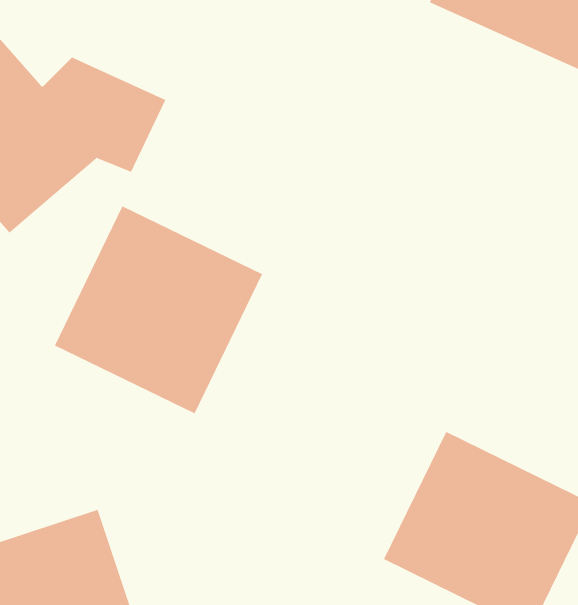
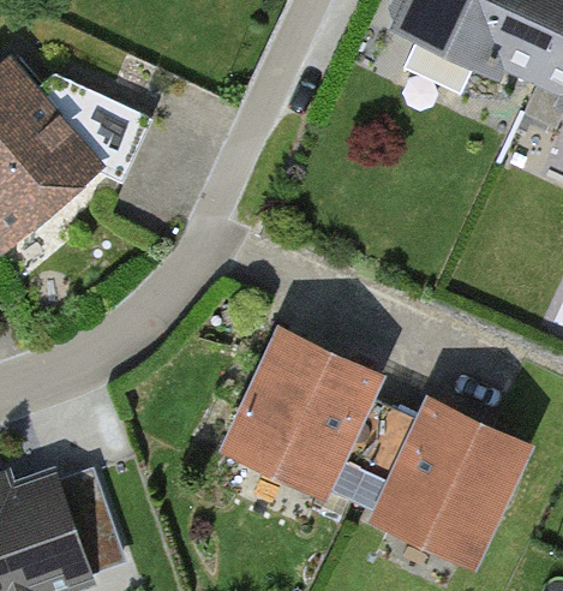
building: [54,205,263,414] -> none
building: none -> [215,336,396,509]

